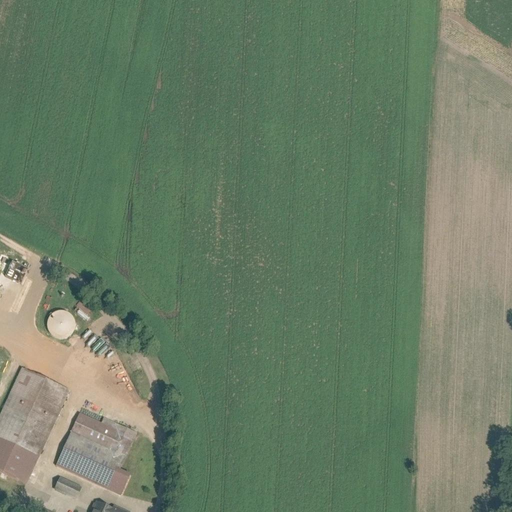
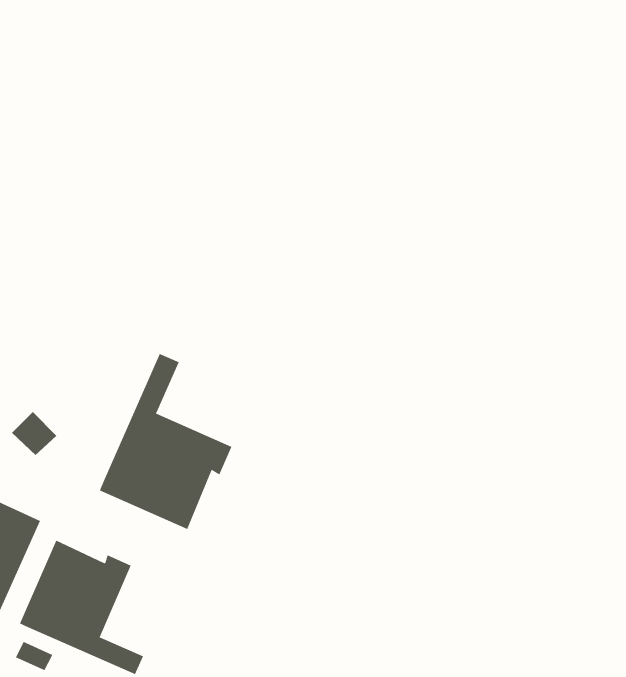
building: none -> [99,353,232,530]

